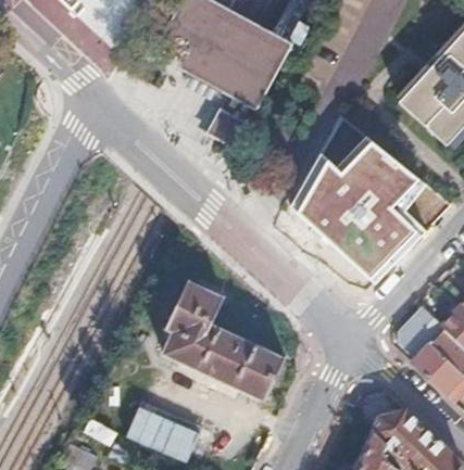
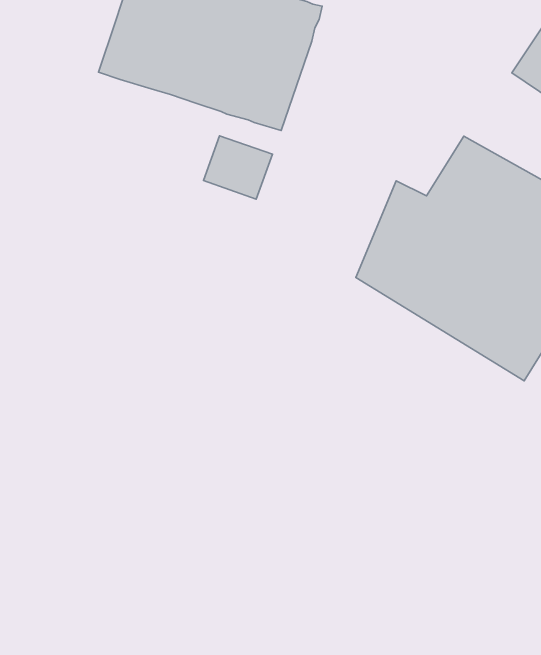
building: [148,279,279,405] -> none

